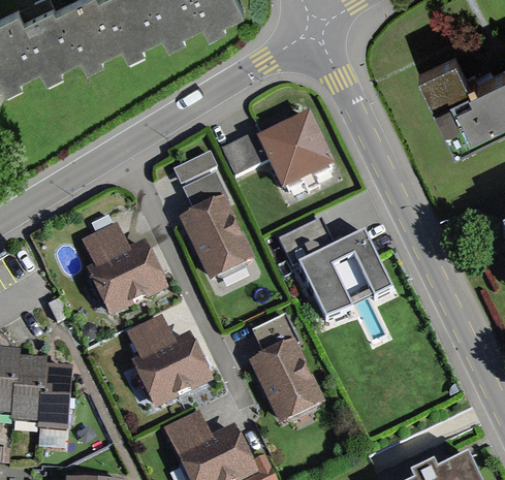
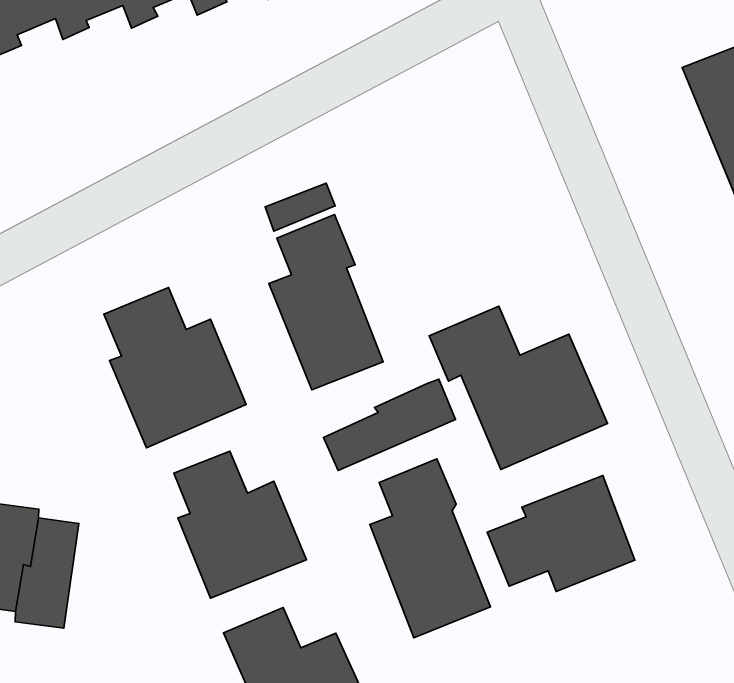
building: [222,115,336,192] -> none
building: none -> [324,379,456,471]
building: none -> [487,476,635,592]

